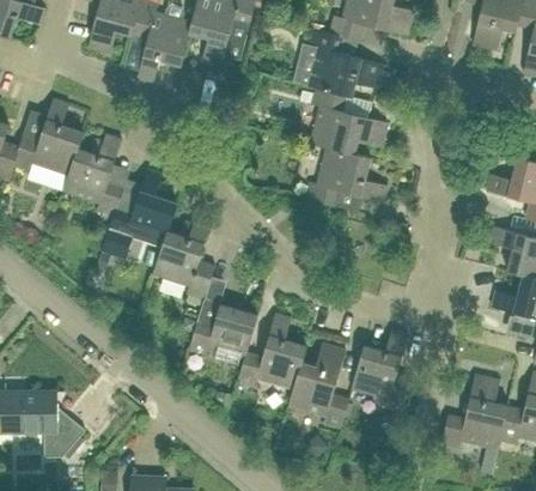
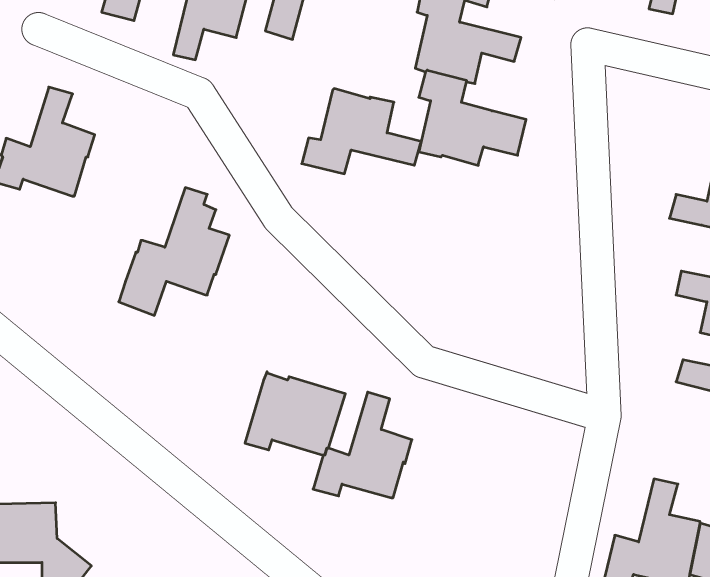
building: [63,134,124,216] -> none
building: [305,147,389,207] -> [302,89,421,174]
building: [152,217,217,299] -> none
building: [352,331,414,412] -> none
building: [287,343,351,429] -> none

